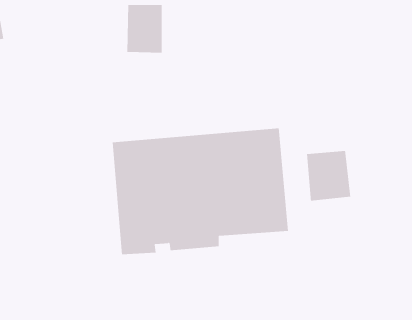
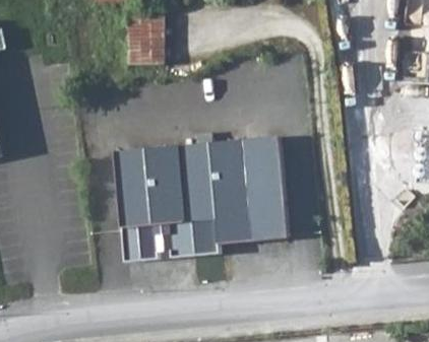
building: [306,150,351,202] -> none

